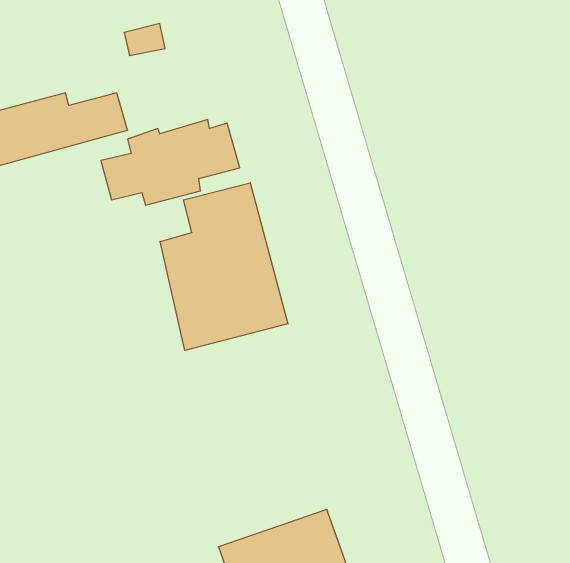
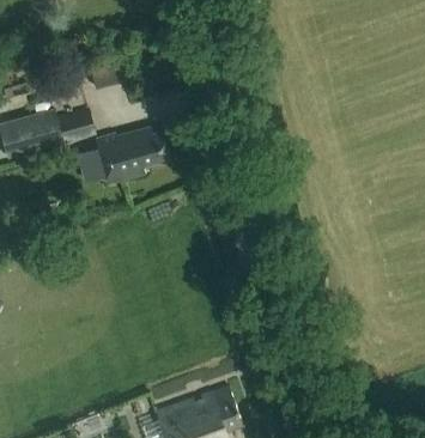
building: [160,183,288,350] -> none

